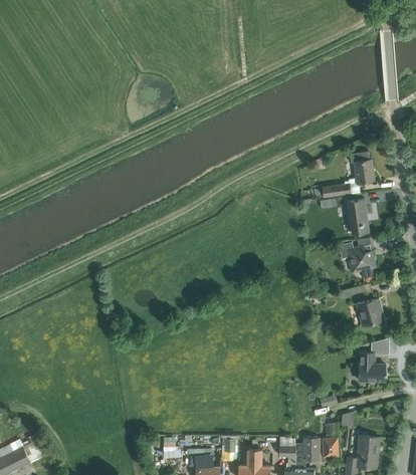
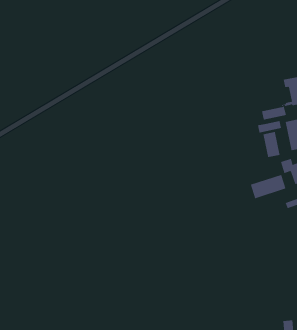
building: none -> [263,131,280,158]
building: none -> [250,174,286,199]

